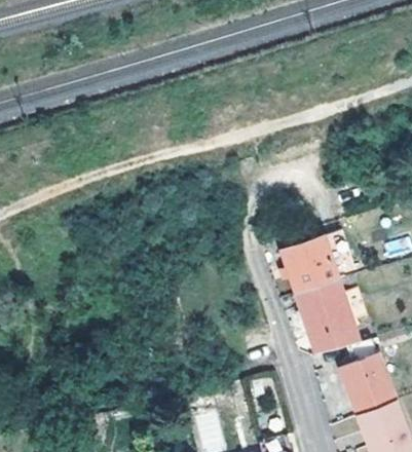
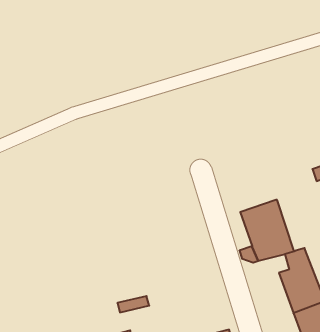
building: [280,233,361,297] -> none

